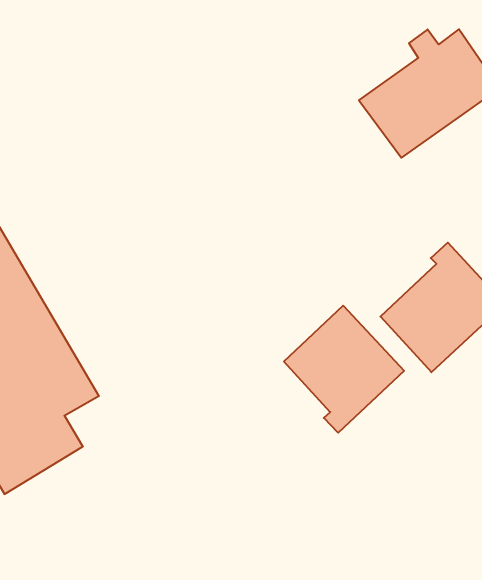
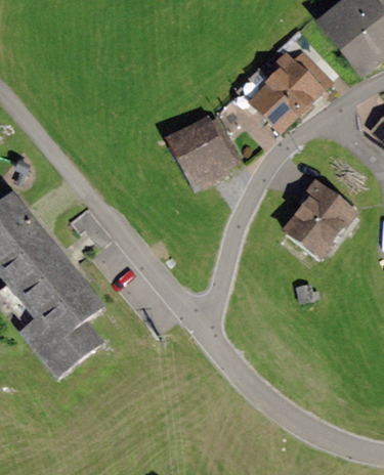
building: none -> [165,113,239,186]
building: [284,306,404,433] -> none

